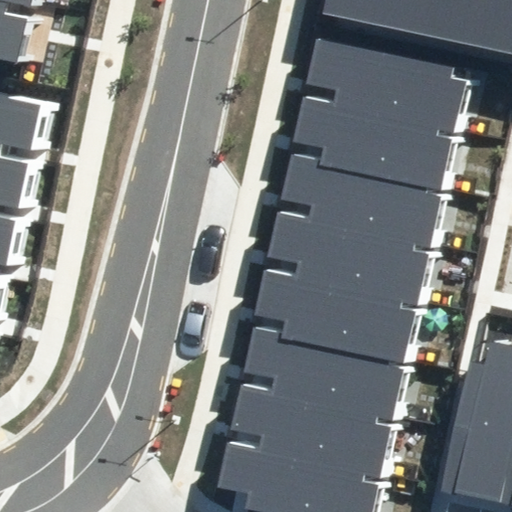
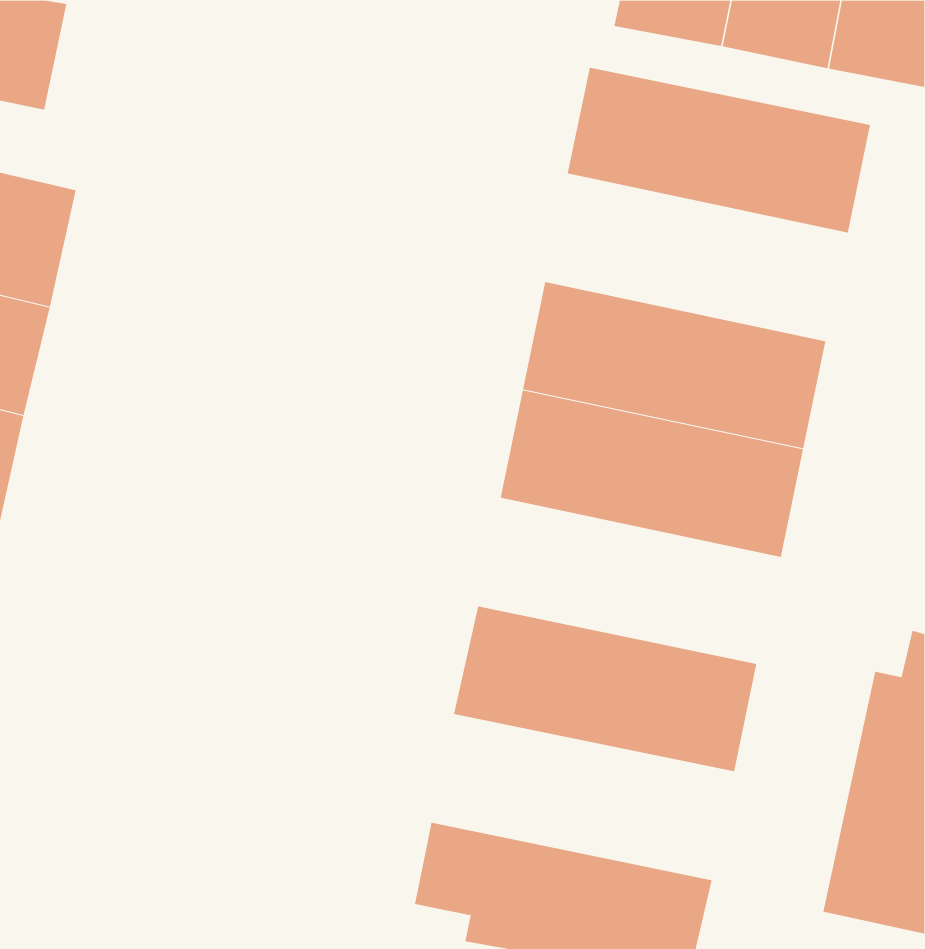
building: [292,95,455,185] -> none
building: [256,269,419,358] -> none
building: [231,385,394,474] -> none

